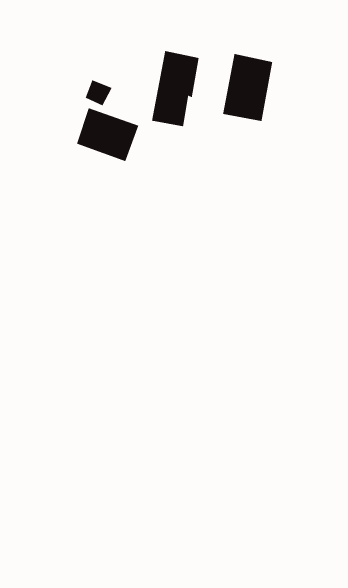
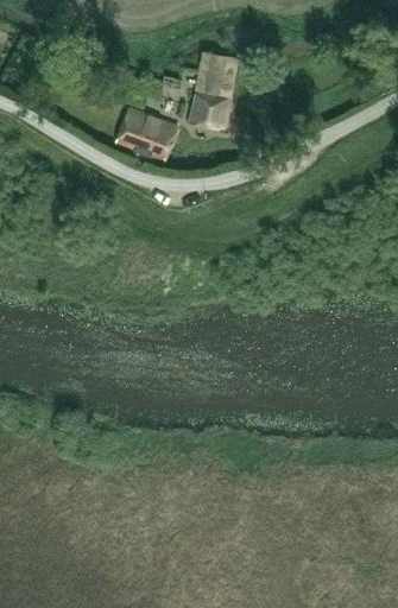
building: [223,53,273,122] -> none

